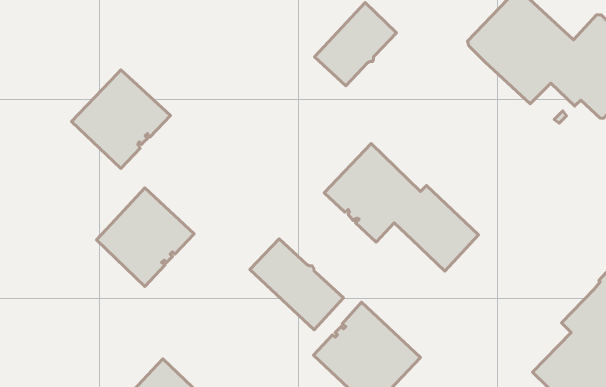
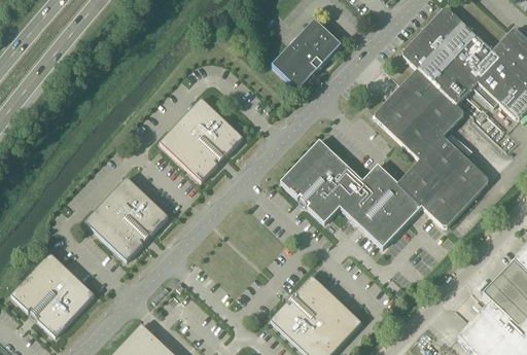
building: none -> [367,69,488,226]
building: [72,70,170,168] -> [160,98,244,182]
building: [250,239,343,330] -> none
building: none -> [11,252,95,336]

